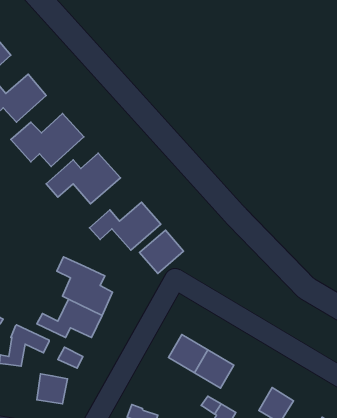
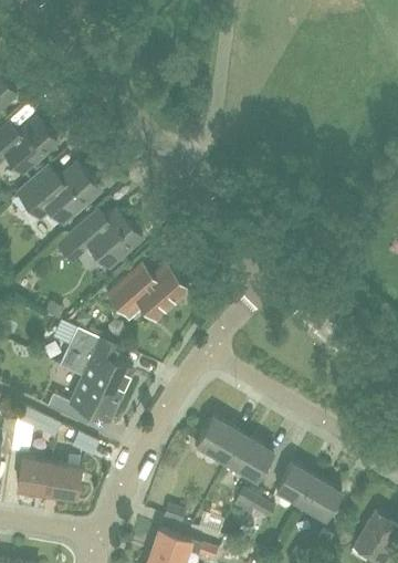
building: [140,230,183,274] -> none
building: none -> [15,458,50,492]
building: none -> [275,463,316,504]

